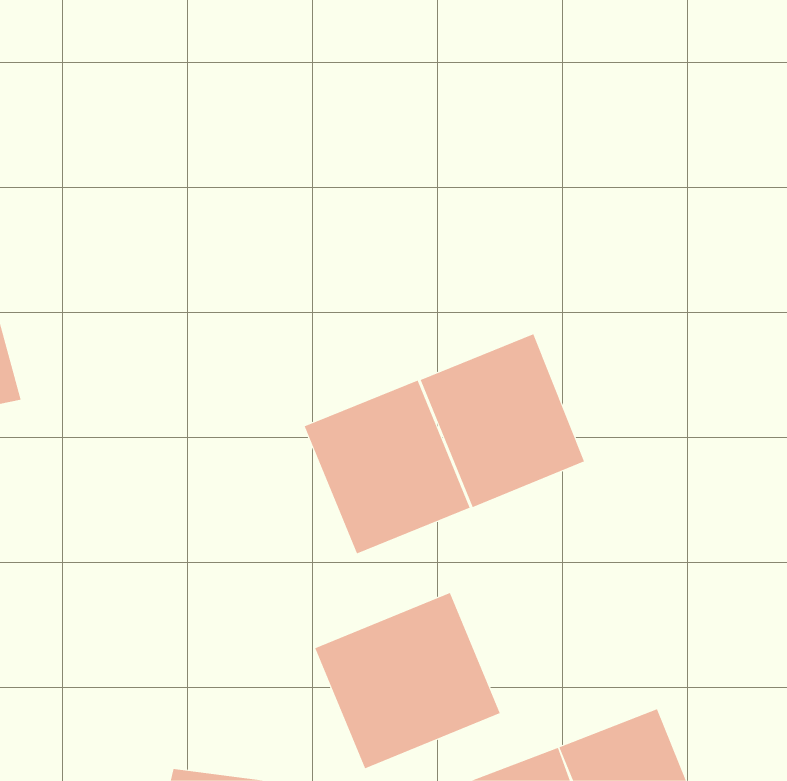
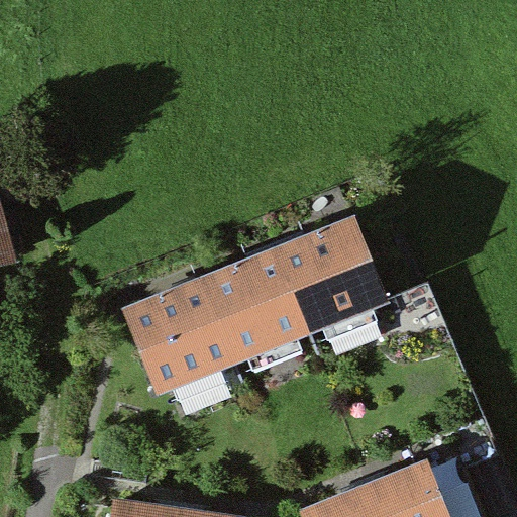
building: none -> [124,280,232,394]
building: [315,592,500,769] -> none

